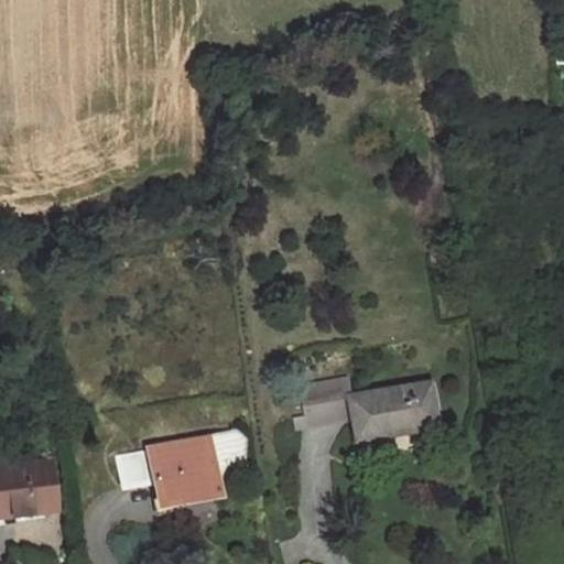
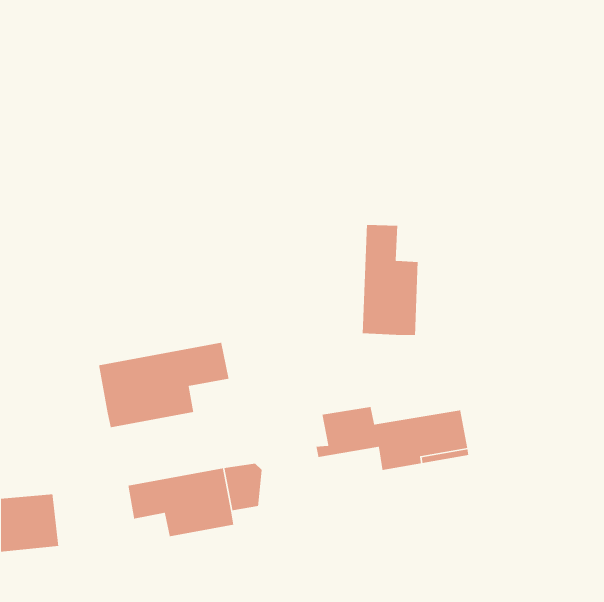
building: none -> [362,224,419,336]
building: none -> [98,342,229,428]

